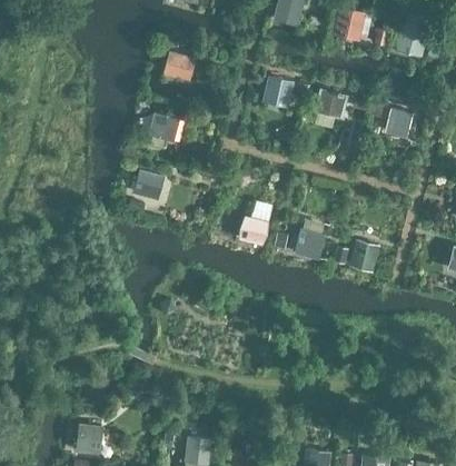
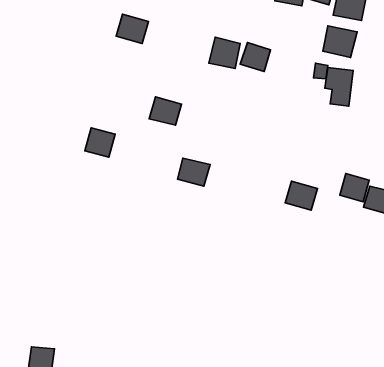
building: none -> [323,26,357,58]
building: [143,112,178,142] -> [149,97,182,125]
building: none -> [340,174,369,202]
building: [294,229,327,261] -> none

